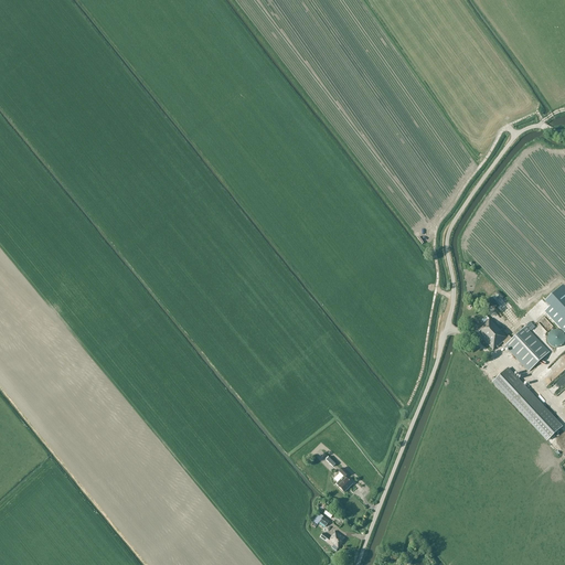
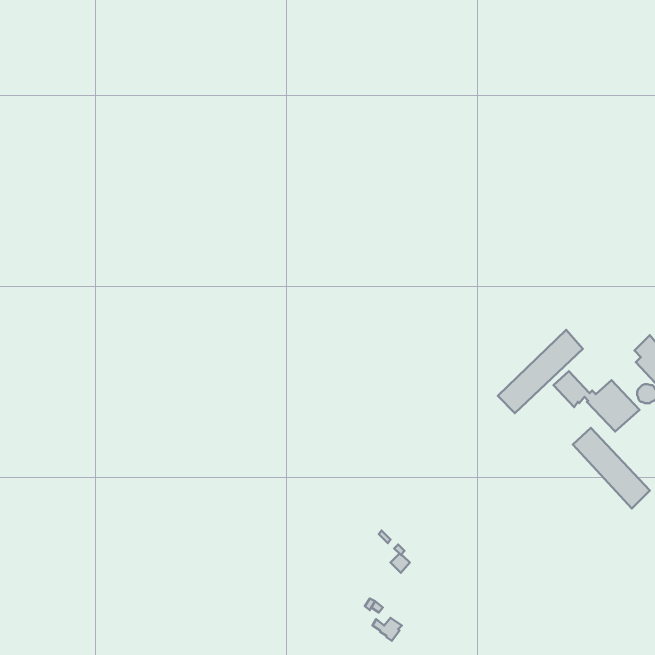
building: none -> [498,330,583,413]

